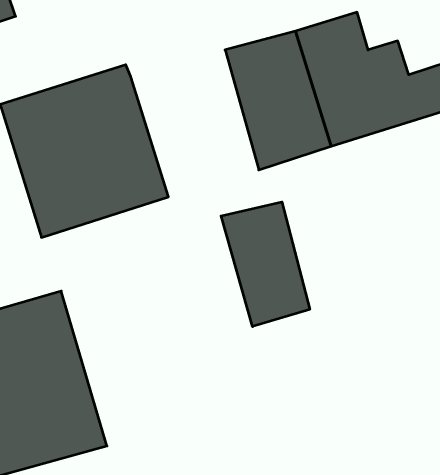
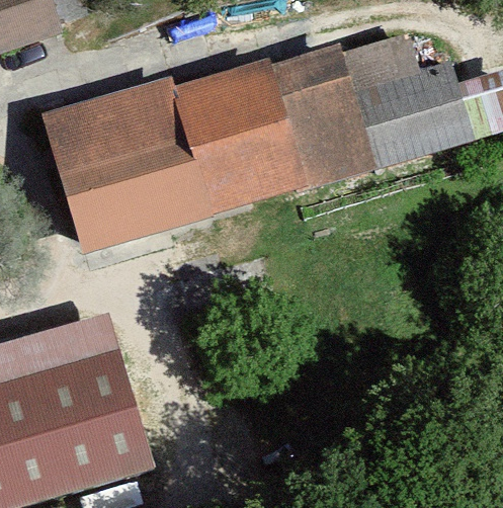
building: none -> [177,66,308,216]
building: [221,202,310,327] -> none

